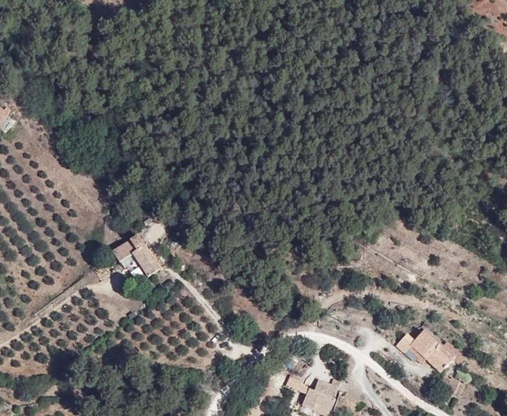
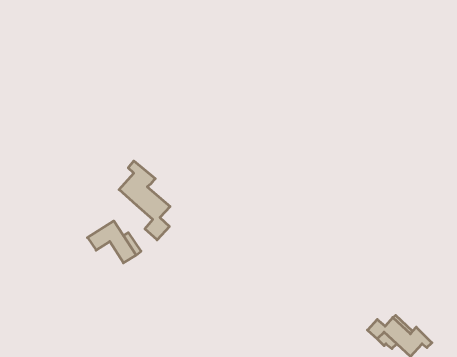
building: none -> [119,161,170,240]

